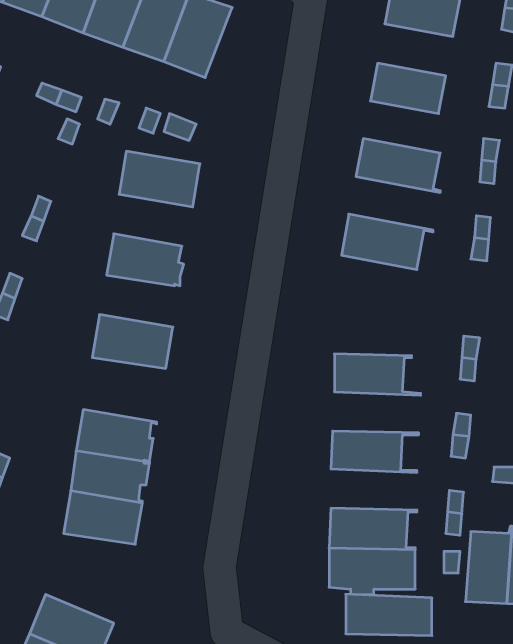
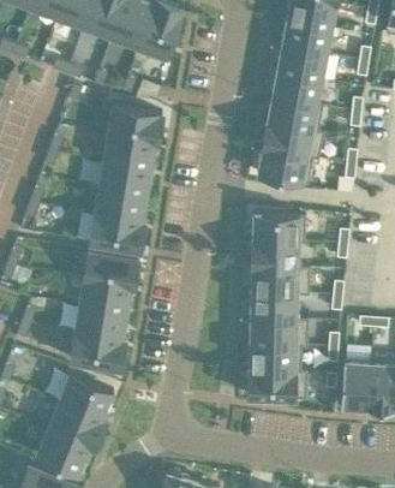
building: none -> [281,22,331,56]
building: none -> [271,73,323,108]
building: none -> [262,124,323,160]
building: none -> [104,136,157,171]
building: none -> [95,190,145,225]
building: none -> [252,215,305,244]
building: none -> [84,252,138,288]
building: none -> [251,268,310,296]
building: none -> [59,376,114,423]
building: [346,594,432,636] -> [250,320,307,347]

